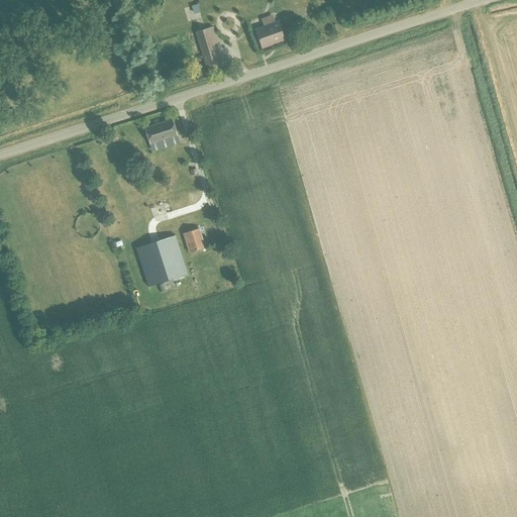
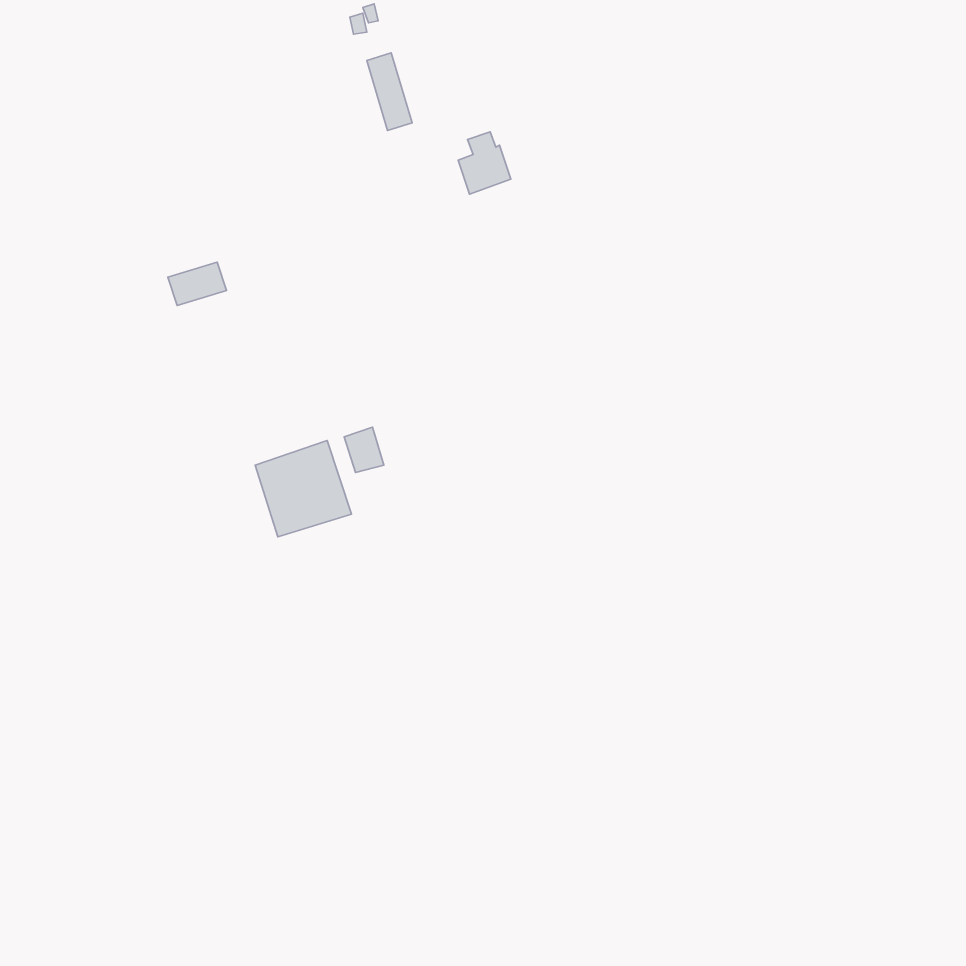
building: [255,15,284,48] -> [458,132,511,194]
building: [145,120,177,143] -> [168,262,226,306]

